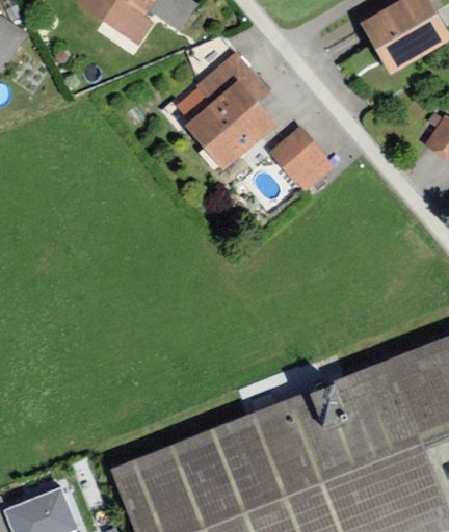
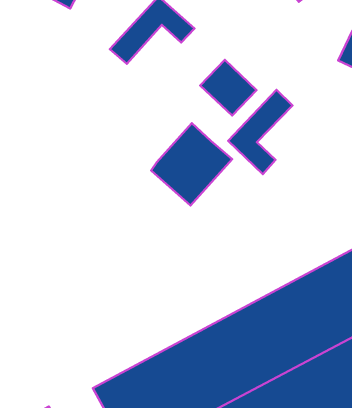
building: [185,82,275,172] -> [151,123,232,206]
building: none -> [228,90,293,174]

